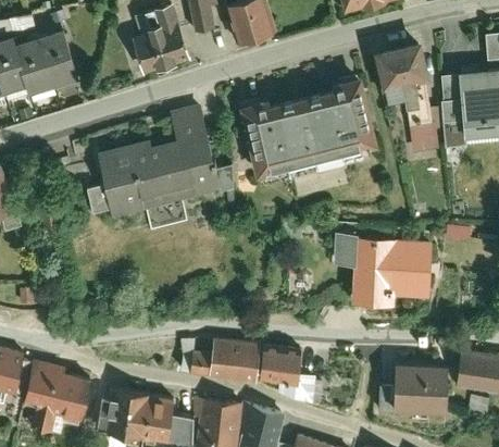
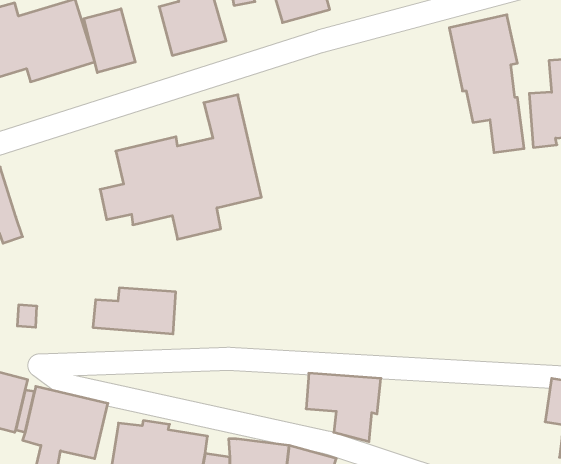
building: none -> [84,9,135,73]
building: [246,79,378,179] -> none
building: [329,231,433,300] -> none
building: [188,336,257,374] -> [93,288,176,334]
building: [376,359,446,407] -> none

